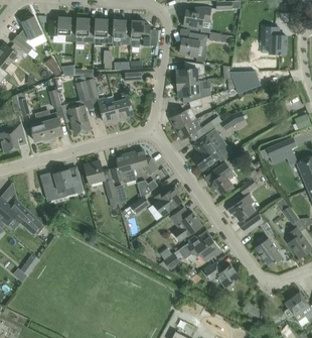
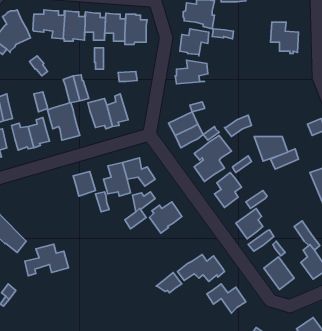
building: [229,72,260,94] -> [254,136,288,161]
building: [176,81,210,102] -> none
building: [42,170,82,198] -> [25,244,68,276]
building: [170,208,201,241] -> none

